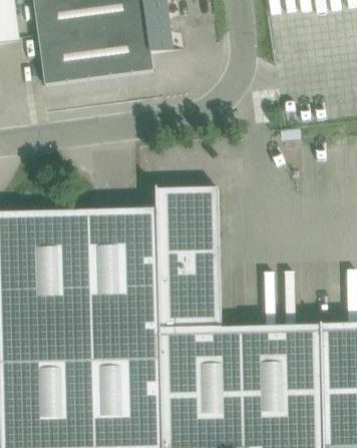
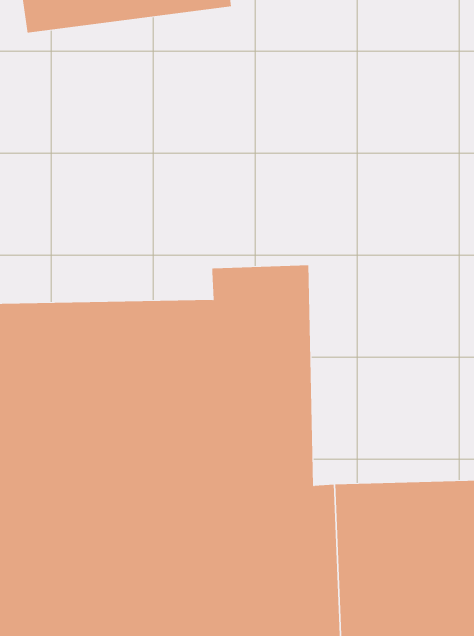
building: [39,22,184,83] -> none

